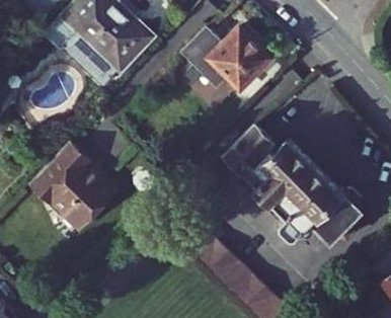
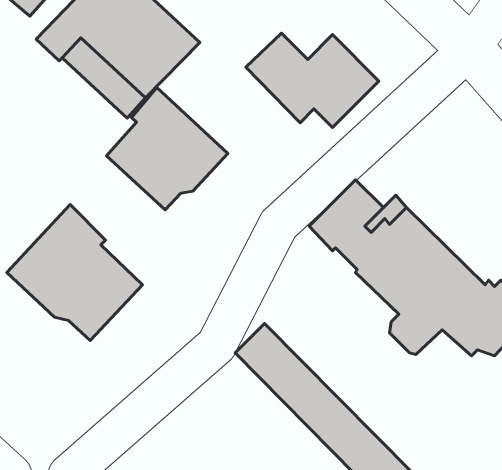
building: none -> [106,88,228,210]

